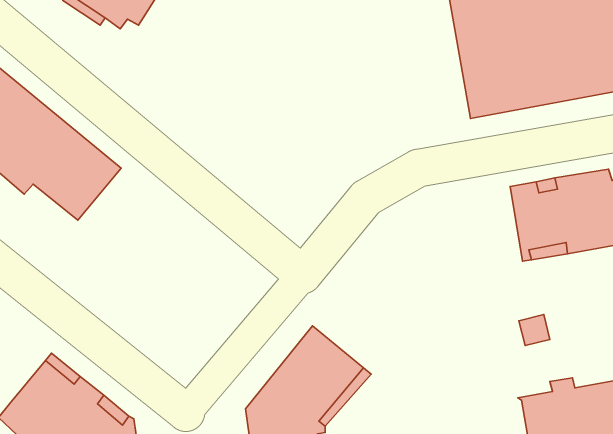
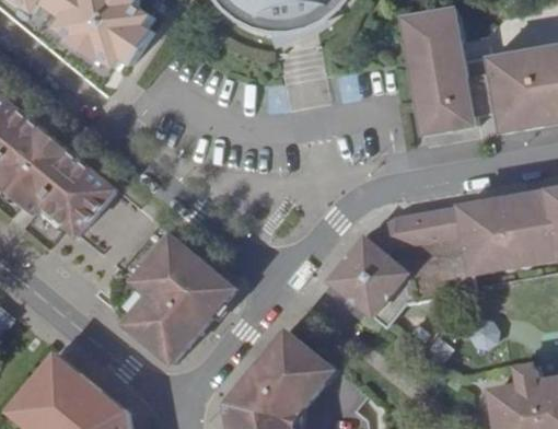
building: none -> [326,209,469,327]
building: none -> [119,237,234,367]

